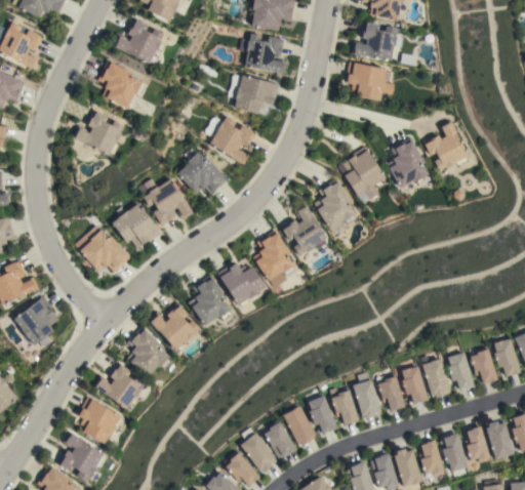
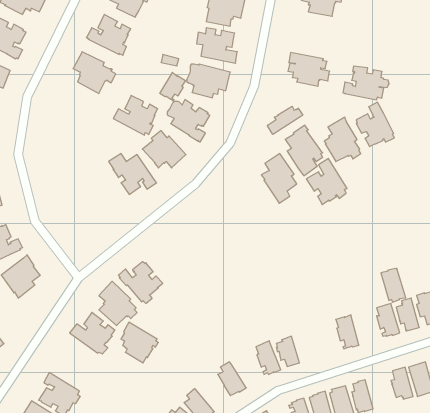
building: [351,22,404,60] -> [343,66,389,100]
building: none -> [160,72,186,101]
building: [73,110,124,156] -> [113,95,158,135]
building: none -> [267,106,303,134]
building: [112,203,161,248] -> none
building: [281,203,328,256] -> [306,158,347,205]
building: [79,229,130,272] -> none
building: [253,230,295,287] -> none
building: [217,262,267,307] -> none
building: [189,275,232,325] -> none
building: [422,359,451,398] -> [381,269,406,302]
building: [353,372,381,418] -> none
building: [376,373,405,411] -> none
building: [79,397,122,444] -> [121,322,158,363]
building: [283,406,316,445] -> none
building: [241,427,278,472] -> none
building: [440,433,468,472] -> none

